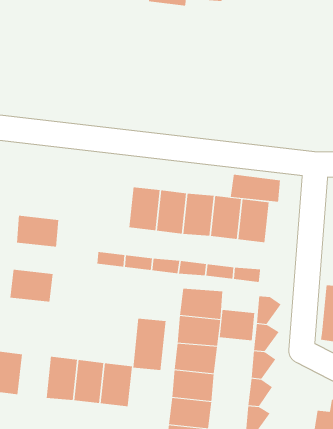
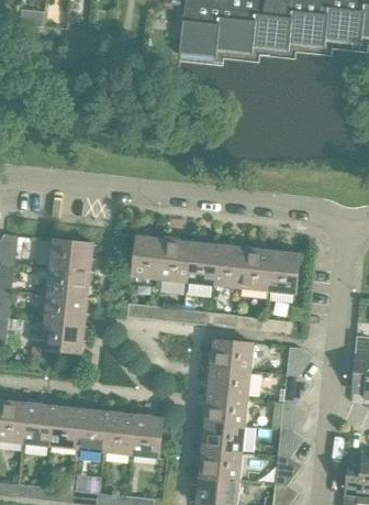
building: [230,174,280,203] -> none
building: none -> [132,235,164,279]
building: none -> [49,240,93,272]
building: none -> [44,295,88,326]
building: [219,309,255,341] -> none
building: [133,318,166,371] -> none
building: none -> [49,406,81,450]

